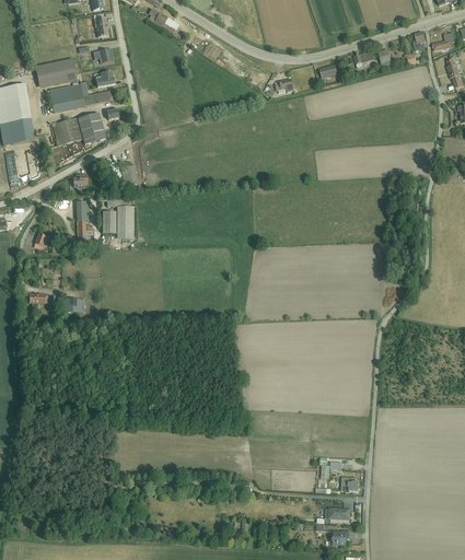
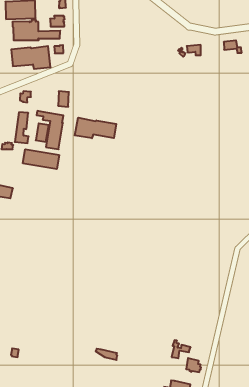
building: none -> [75,118,116,138]
building: none -> [23,149,59,169]

